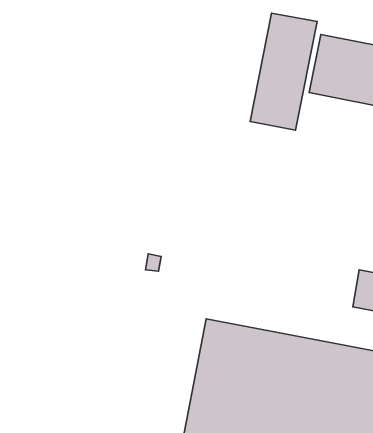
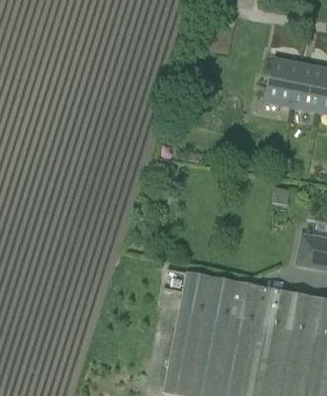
building: [250,13,317,130] -> none

